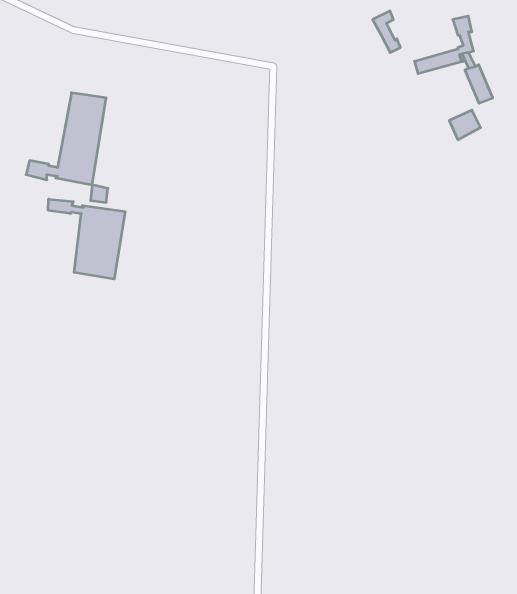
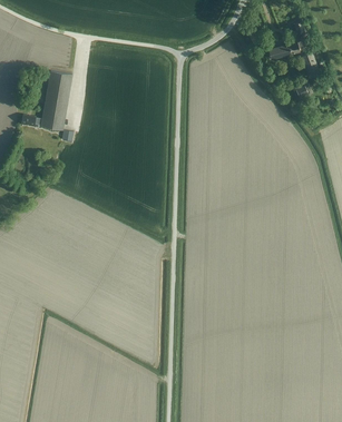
building: [48,199,125,279] -> none

